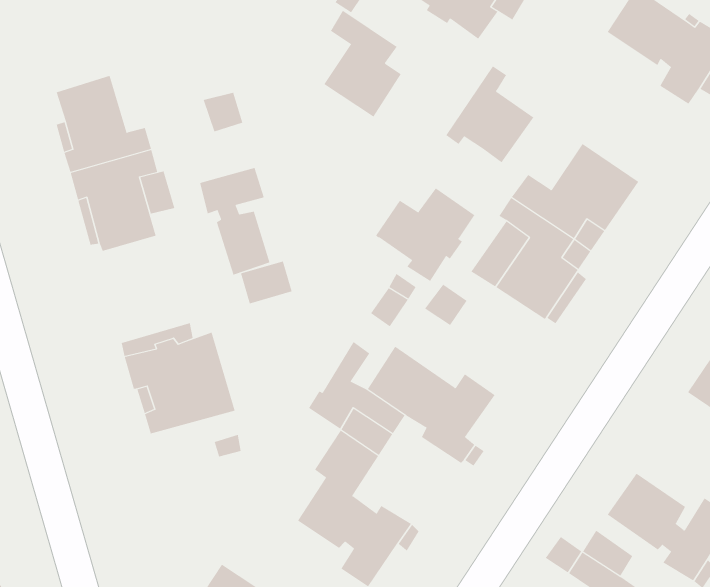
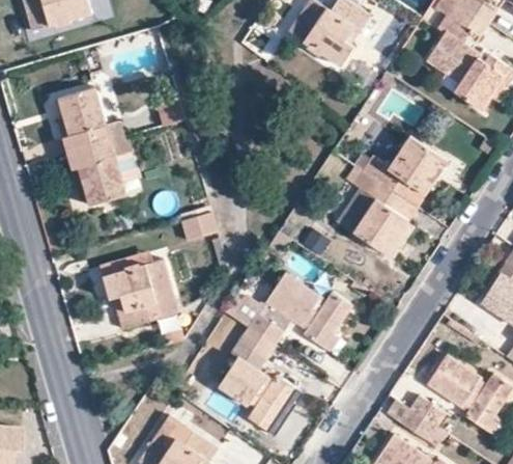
building: [324,10,402,117] -> none
building: [445,65,534,163] -> none
building: [199,167,270,275] -> none
building: [375,187,475,282] -> none

